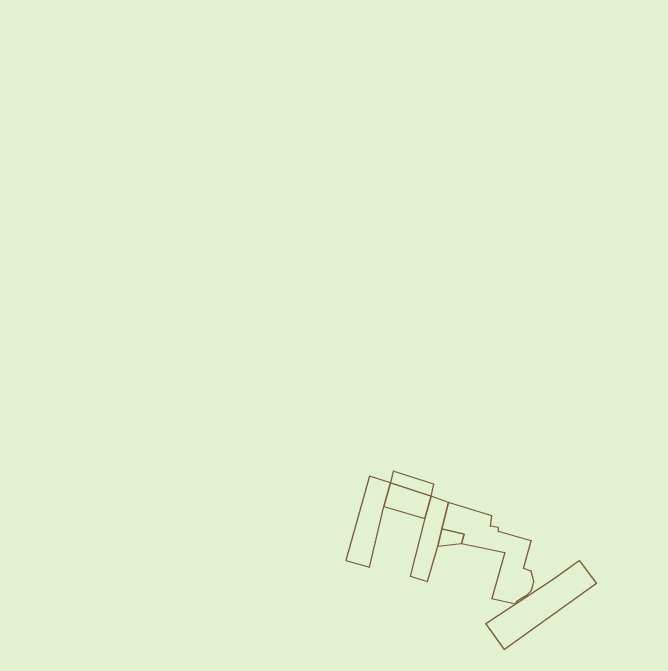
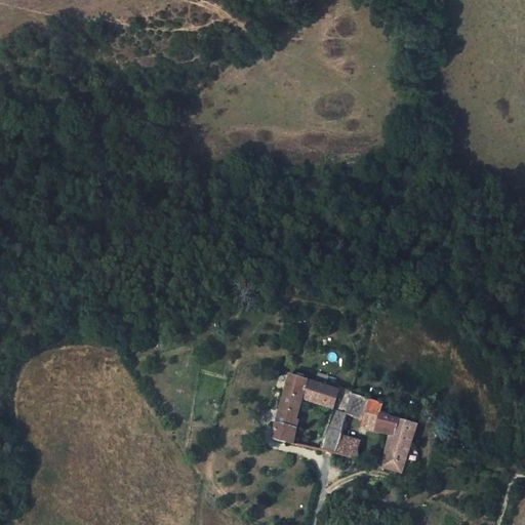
building: none -> [333,434,359,460]
building: [486,561,596,649] -> none

